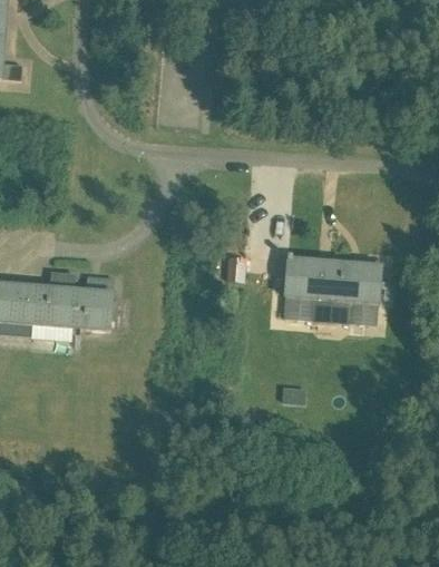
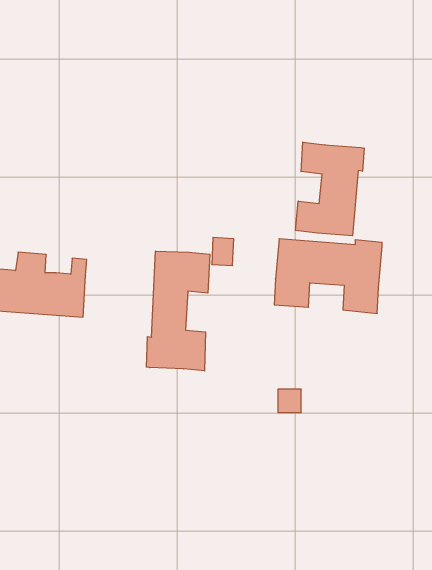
building: none -> [295,142,364,236]
building: none -> [146,251,210,371]

